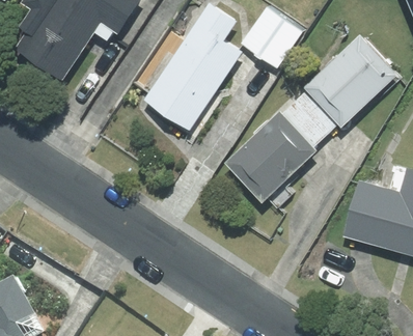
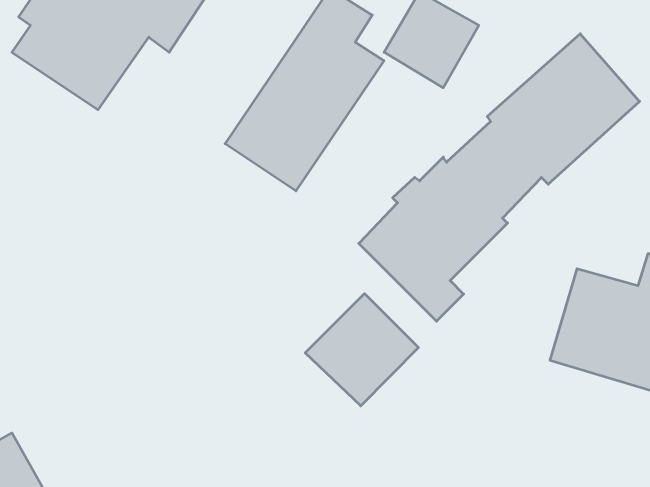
building: none -> [305,294,418,406]

